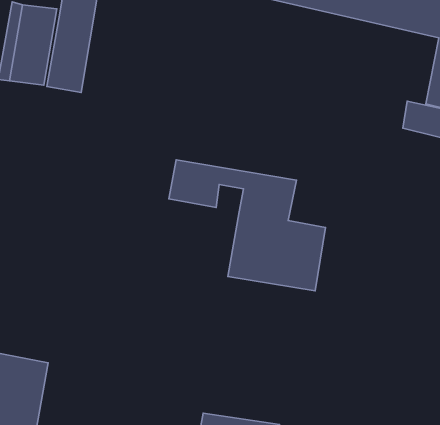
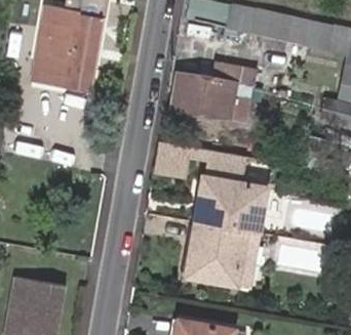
building: none -> [171,64,258,122]
building: none -> [187,224,259,285]

